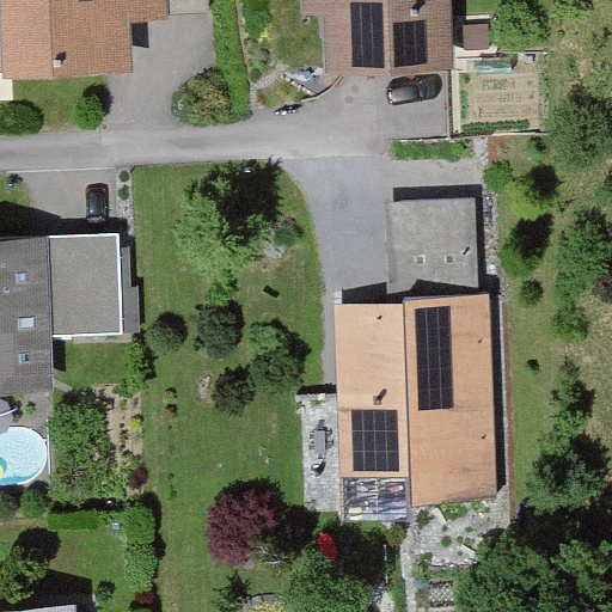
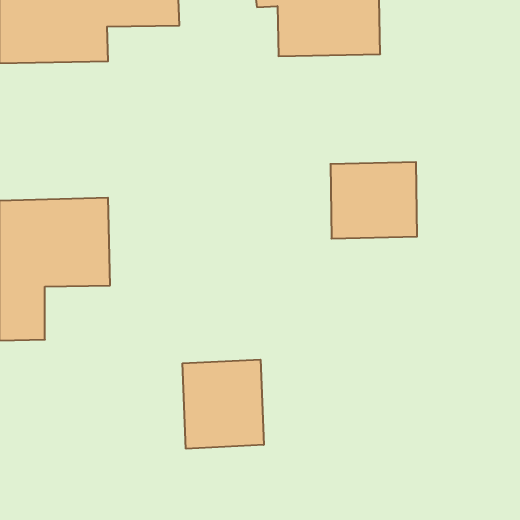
building: [331,301,495,508] -> none
building: none -> [183,360,264,449]

